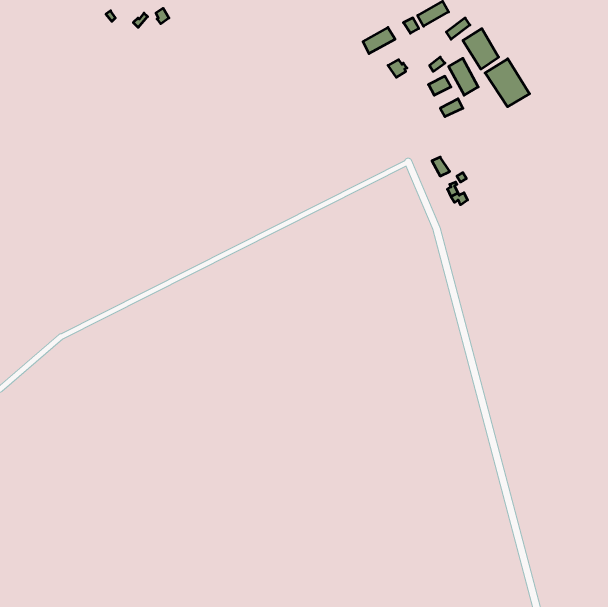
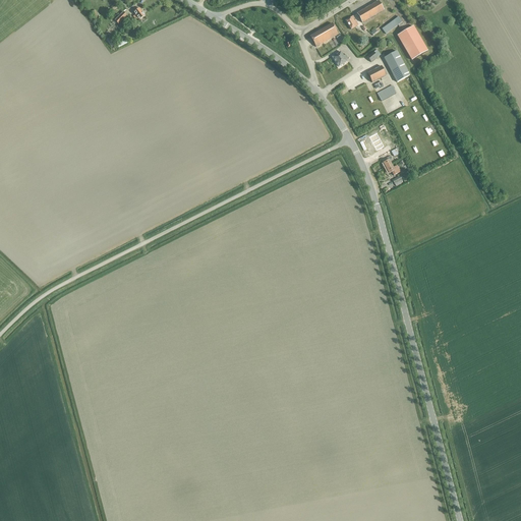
building: [485,59,530,107] -> none

